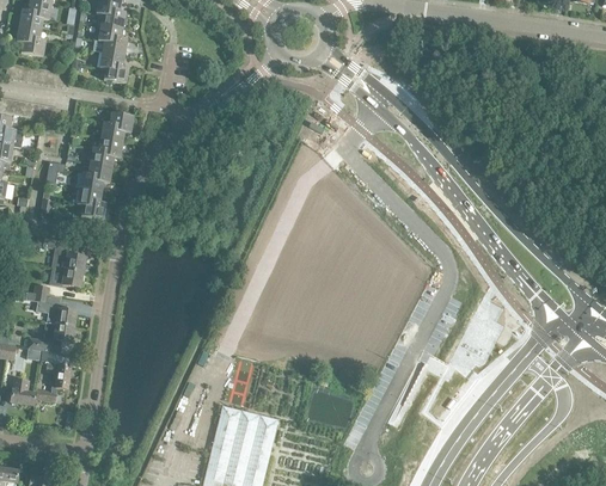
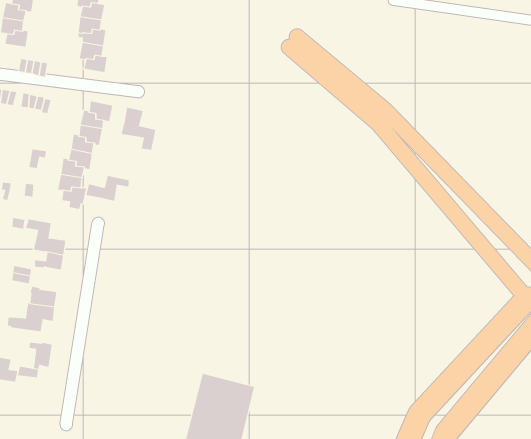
building: none -> [121,107,156,151]
building: none -> [86,175,130,201]

